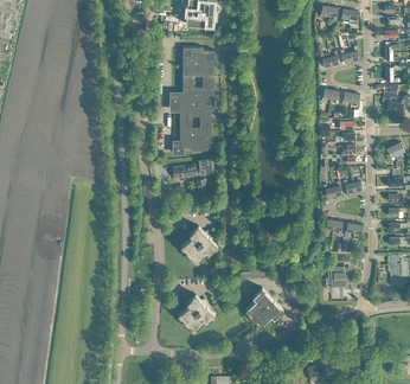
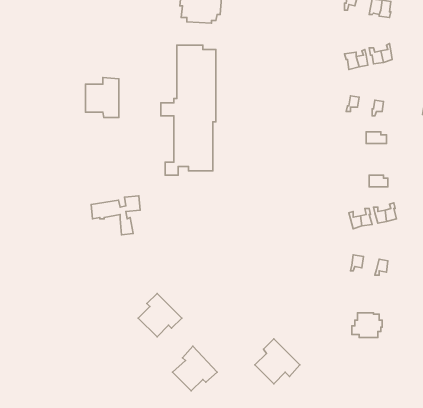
building: none -> [86,78,119,117]
building: [173,160,213,192] -> [91,196,140,235]
building: [182,226,218,262] -> [138,293,182,337]

